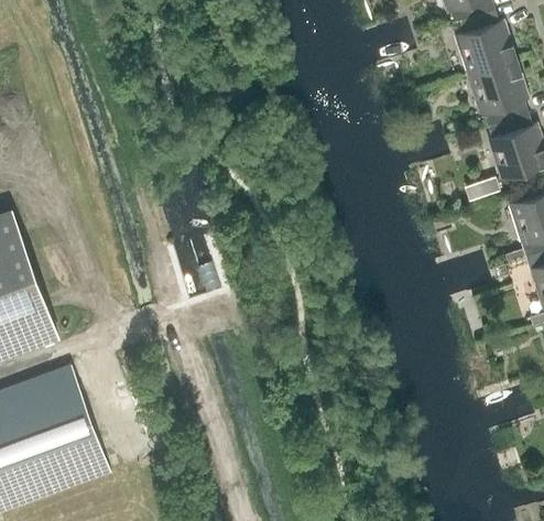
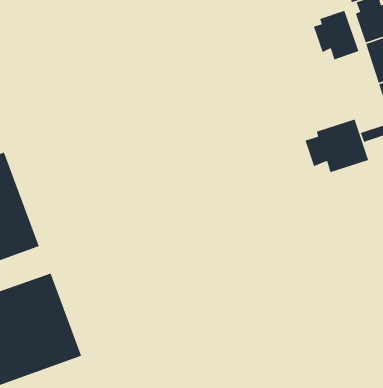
building: none -> [313,10,360,60]
building: none -> [305,118,369,173]

